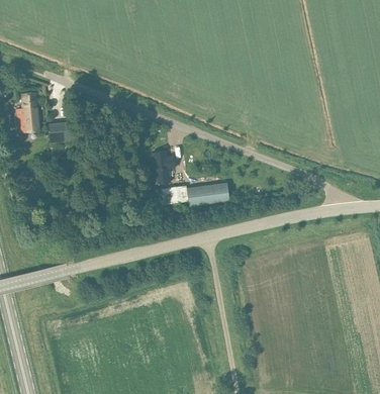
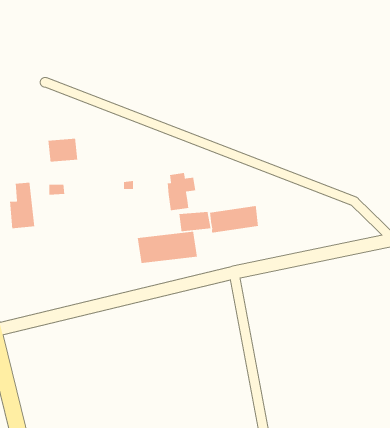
building: [17,93,39,133] -> [9,182,35,229]
building: none -> [137,231,198,264]

